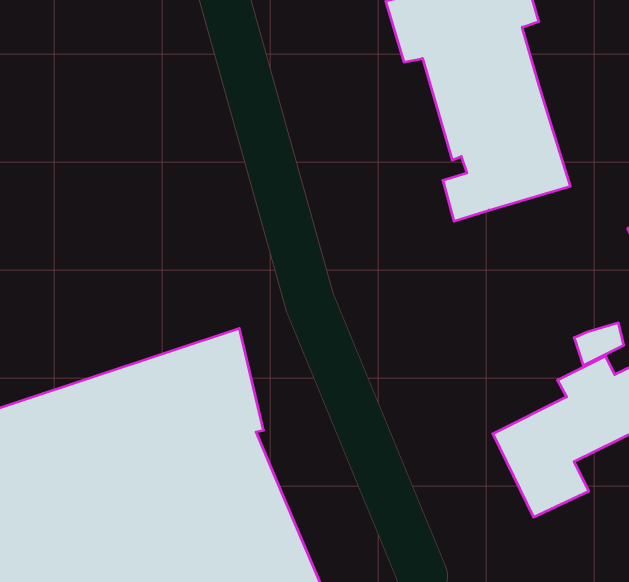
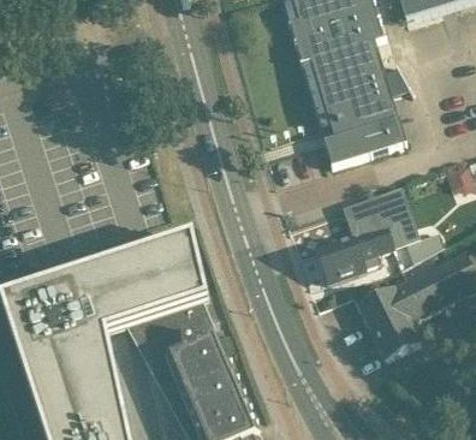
building: none -> [316,198,412,279]

